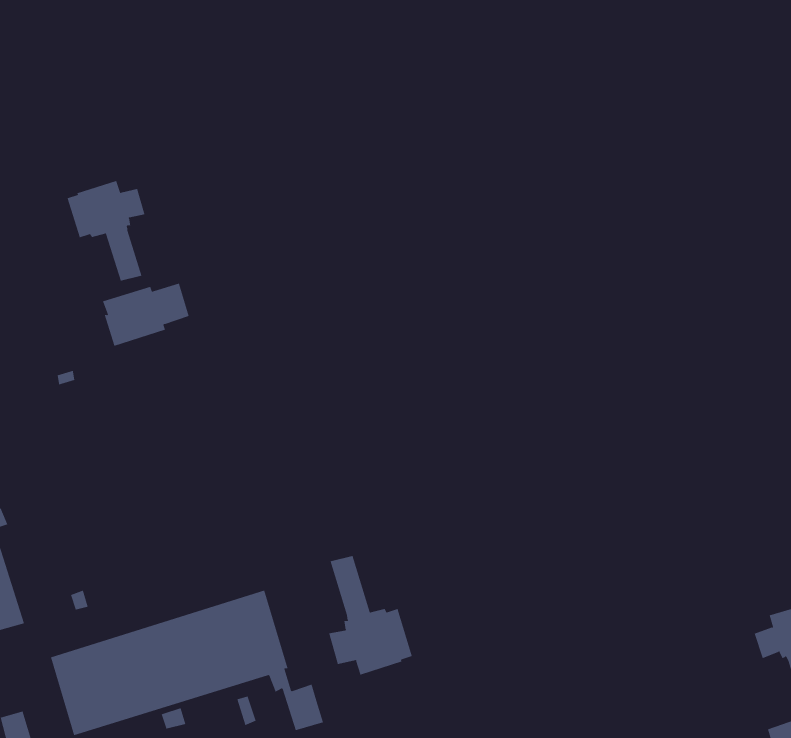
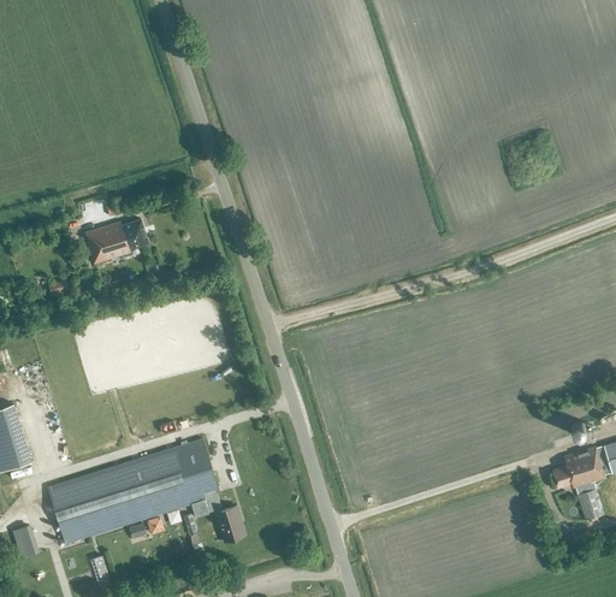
building: [67,180,145,281] -> none
building: [328,555,413,675] -> none

